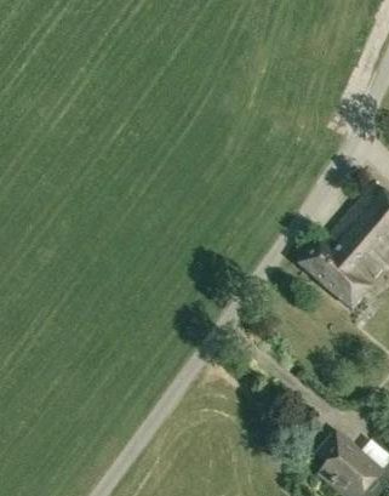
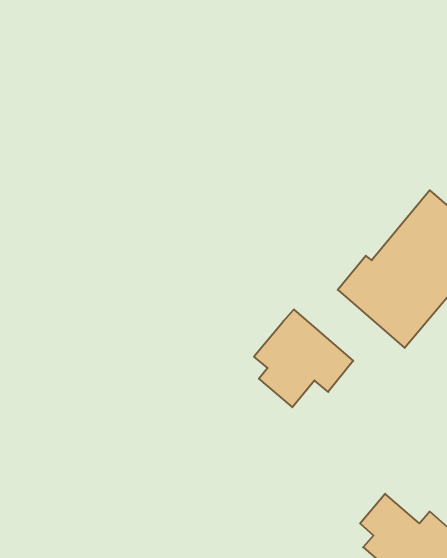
building: none -> [254,309,353,407]

